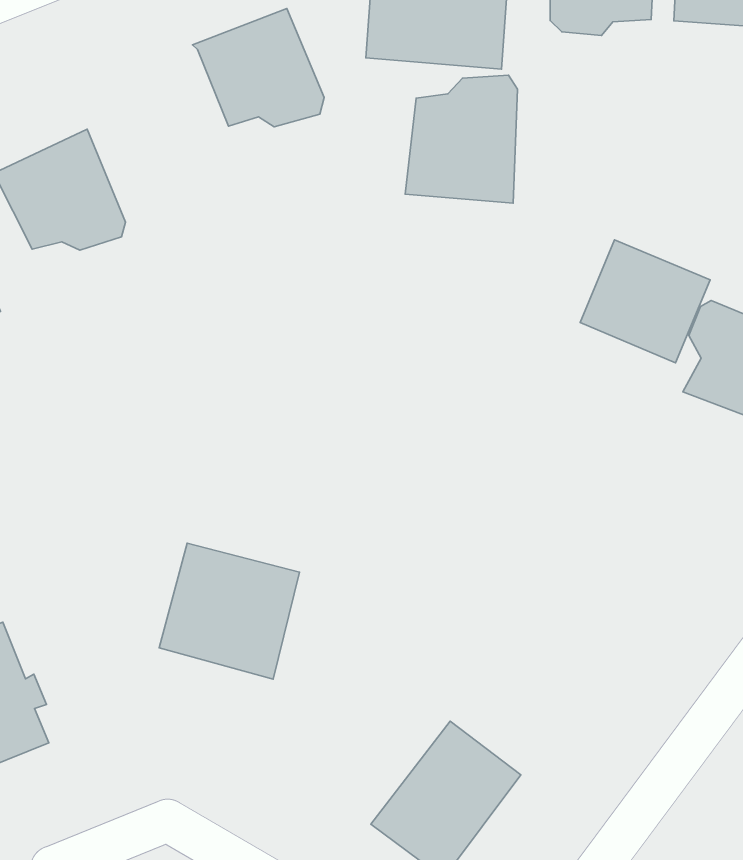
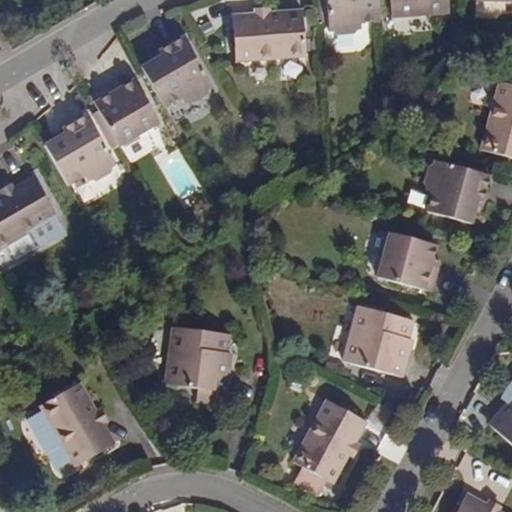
building: none -> [94,77,162,145]
building: [405,75,518,203] -> none
building: [580,240,710,363] -> [371,230,436,290]
building: none -> [339,305,416,377]

